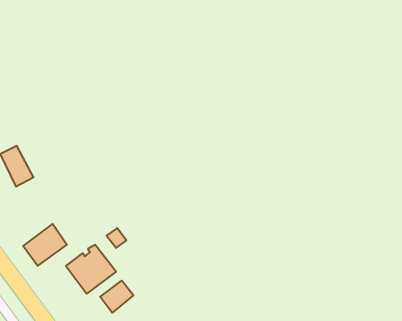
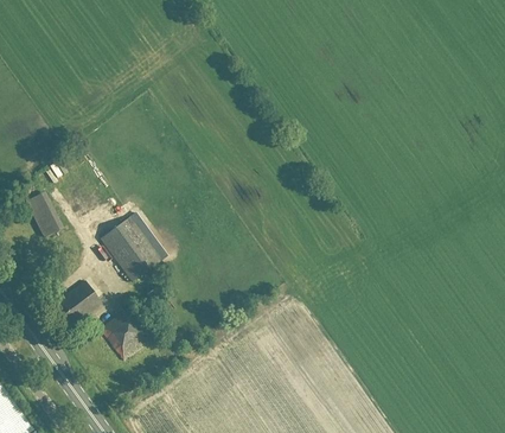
building: none -> [101,216,162,282]
building: [100,281,133,313] -> none

